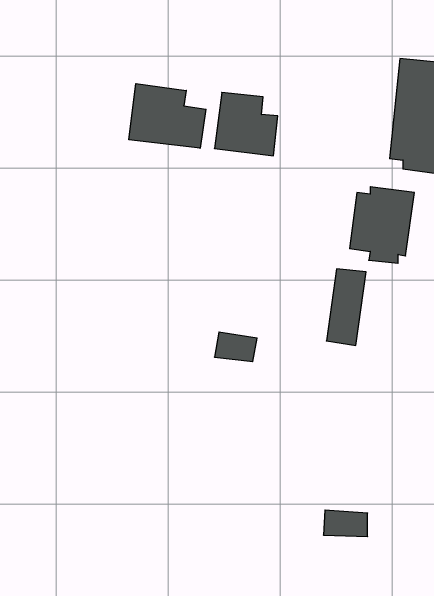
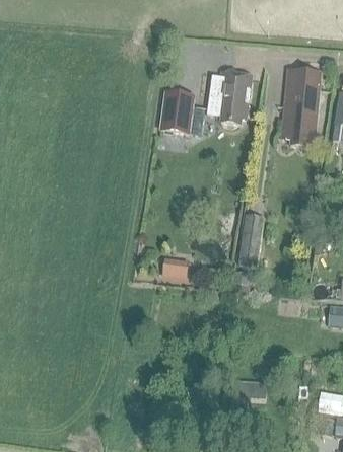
building: [129,84,206,148] -> none
building: [350,187,414,263] -> [207,70,252,123]

